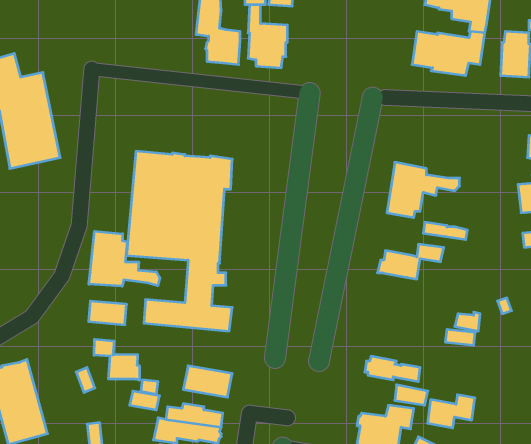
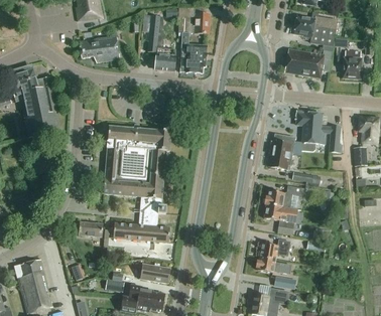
building: none -> [78,36,119,62]
building: none -> [296,113,342,153]
building: [89,231,160,286] -> none
building: none -> [263,204,296,229]
building: [94,339,139,380] -> none
building: [428,395,475,428] -> [259,240,289,261]

